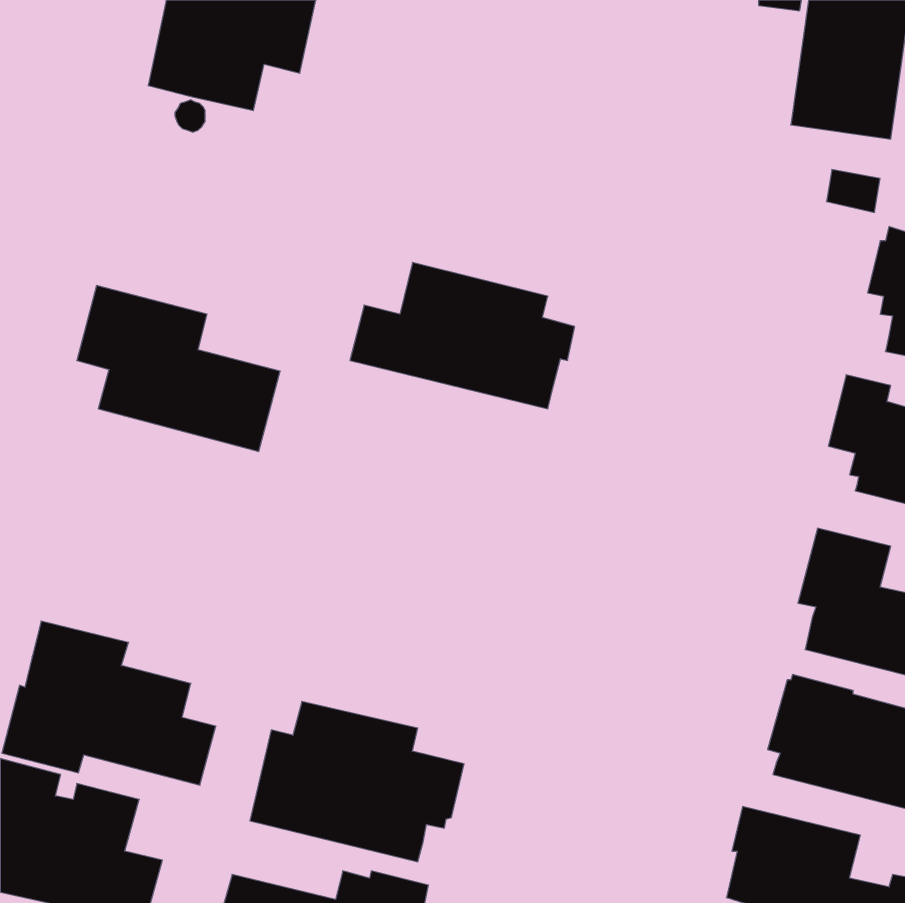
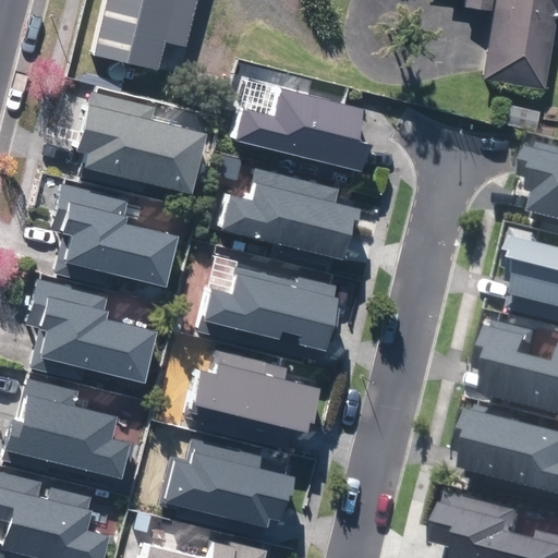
building: none -> [233,86,366,169]
building: none -> [75,90,205,191]
building: none -> [199,267,337,355]
building: none -> [28,277,154,377]
building: none -> [180,348,314,446]

